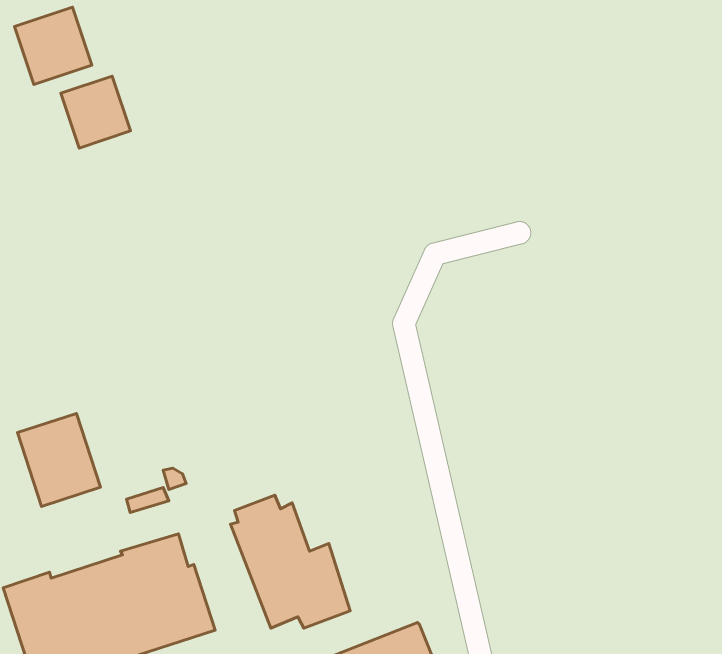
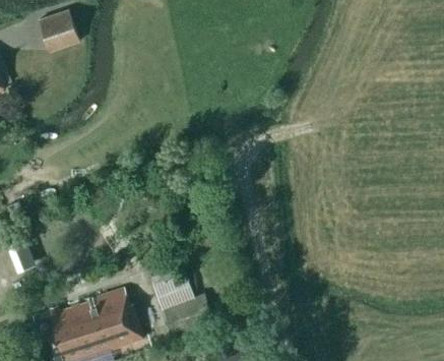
building: [61,76,130,148] -> none
building: [18,413,100,506] -> none

